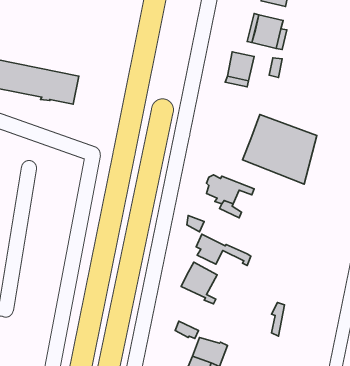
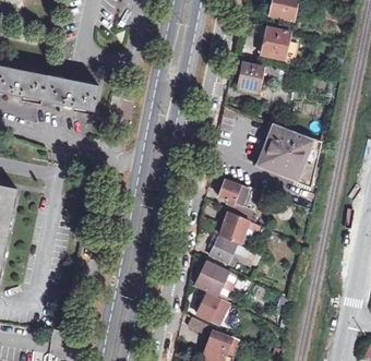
building: none -> [220,212,260,243]
building: none -> [198,292,230,324]

